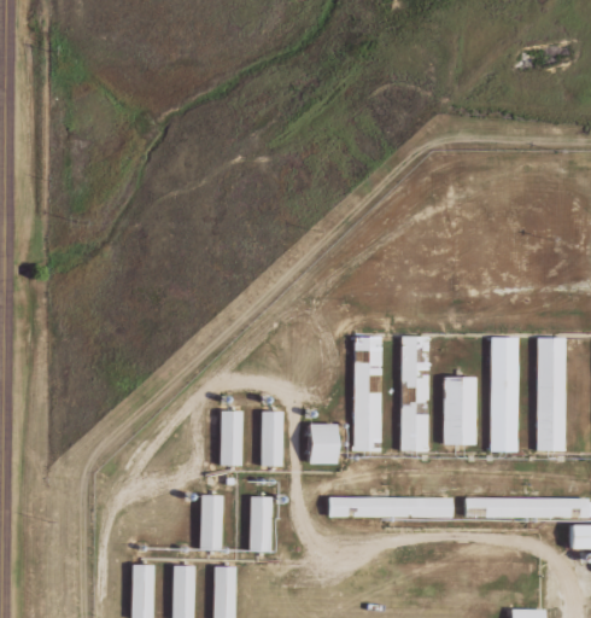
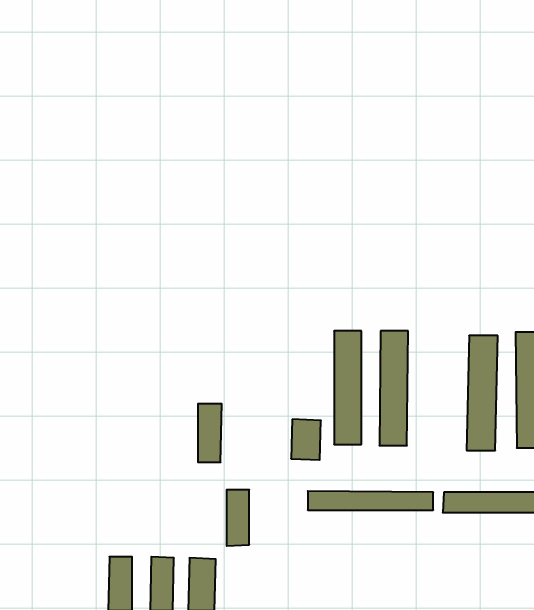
building: [443,377,476,447] -> none
building: [261,412,282,470] -> none
building: [199,494,221,552] -> none

